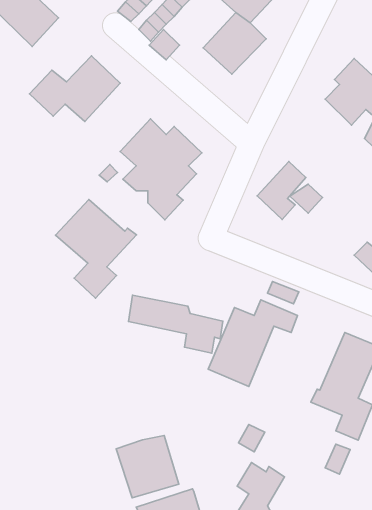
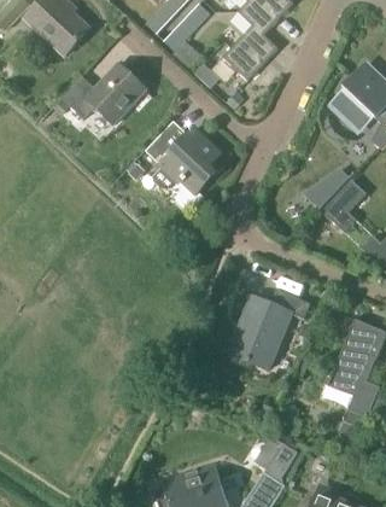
building: [257,162,306,219] -> [322,177,367,231]
building: [55,200,136,298] -> none
building: [128,295,223,353] -> none
building: [116,436,179,498] -> none

